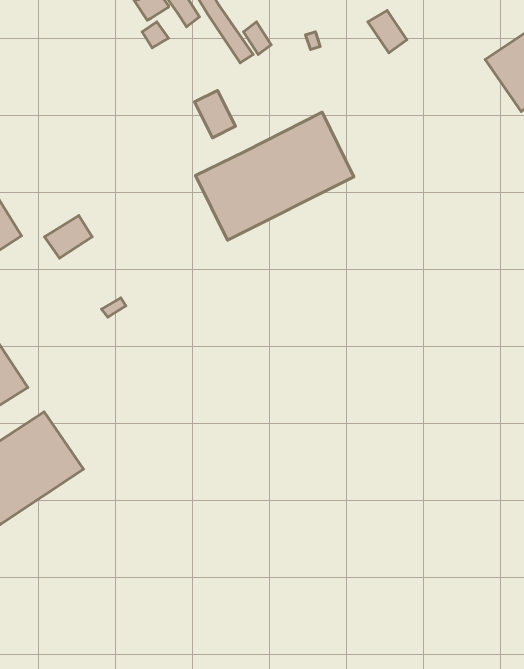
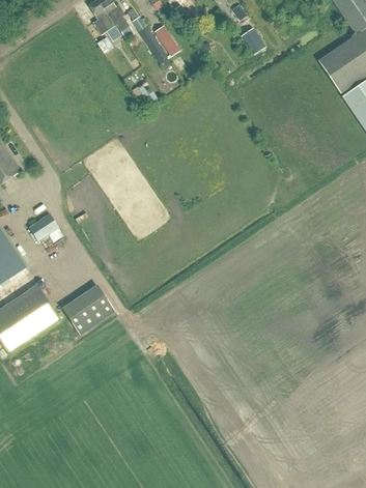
building: [196,112,354,240] -> none
building: [45,216,92,258] -> [29,212,59,239]
building: none -> [56,283,110,334]

